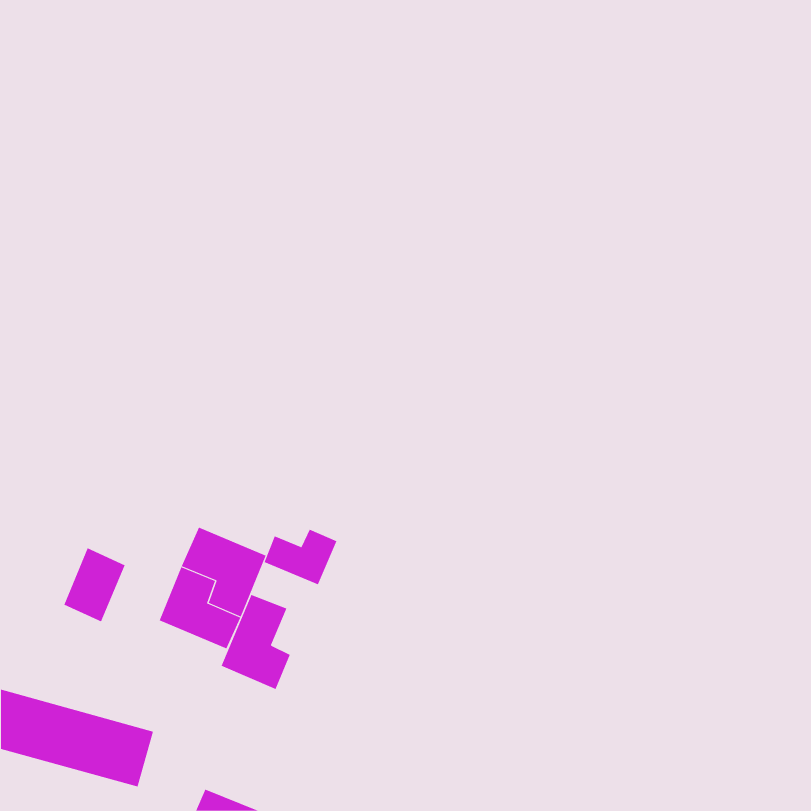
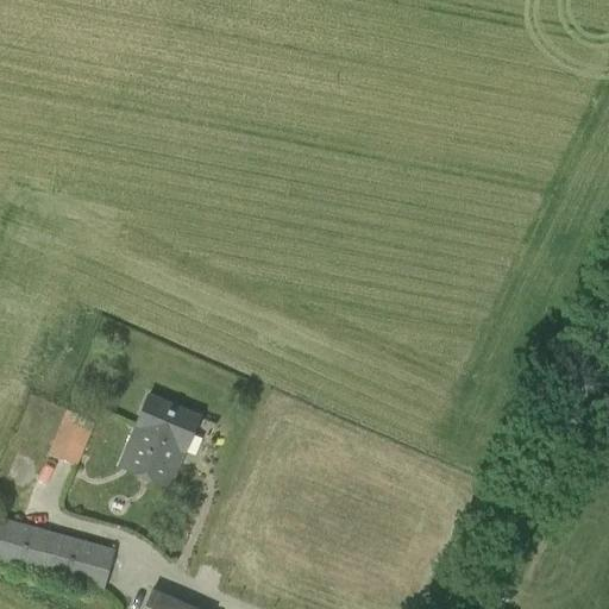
building: [264,529,337,585] -> none
building: [221,594,291,690] -> none

